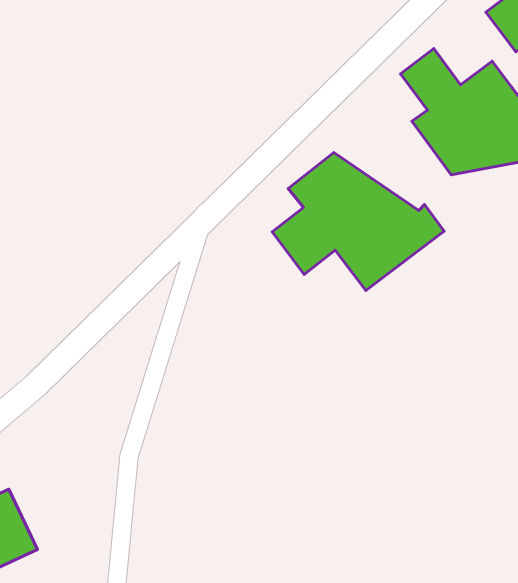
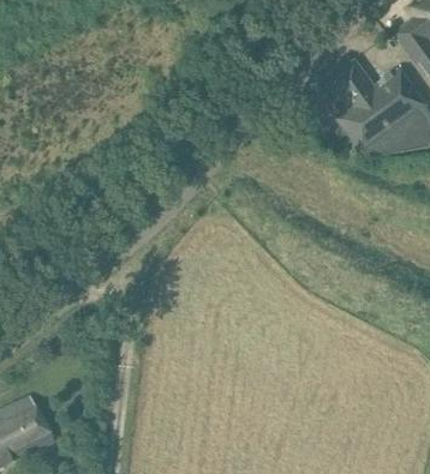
building: [272,152,444,290] -> none

